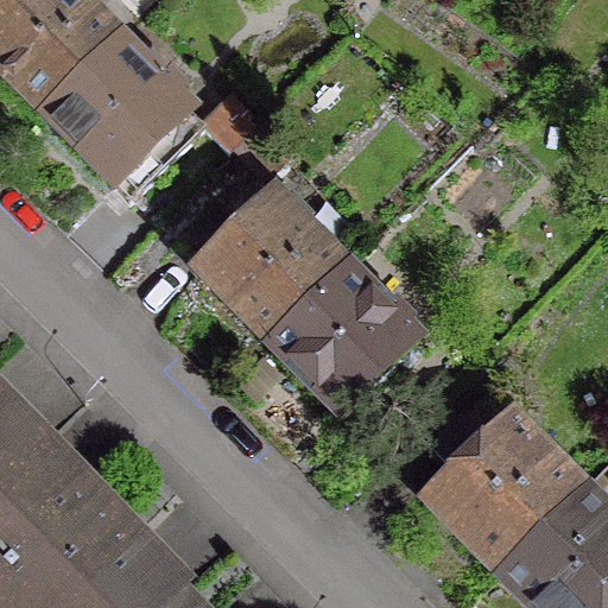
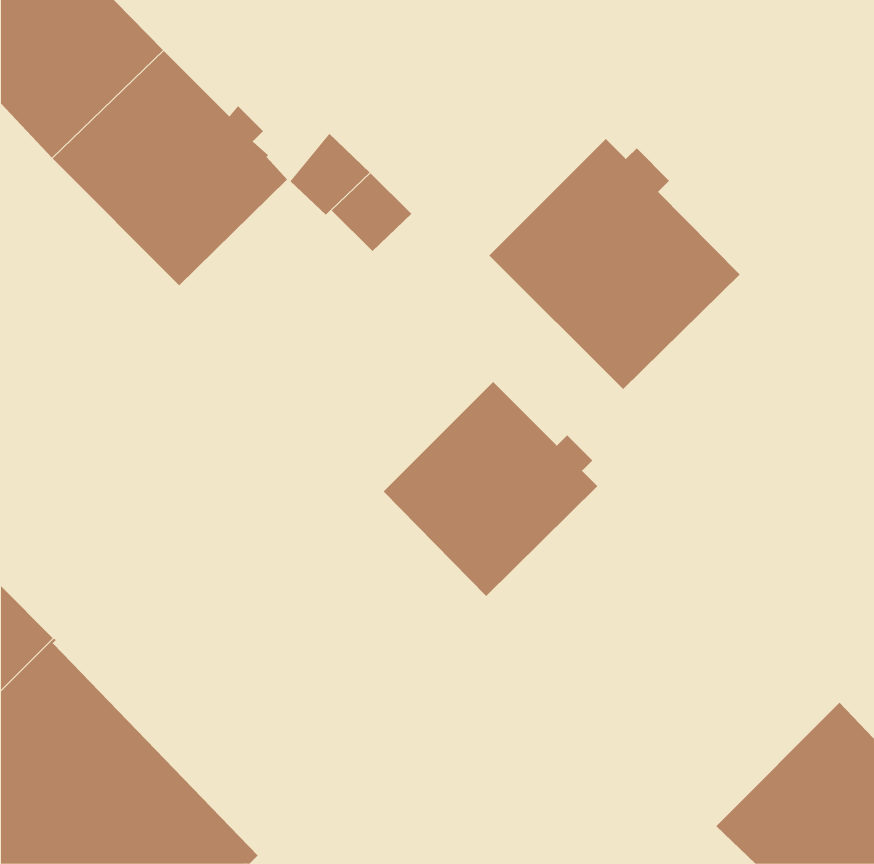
building: none -> [489,138,740,390]
building: [171,180,344,338] -> none
building: [426,385,583,569] -> none

